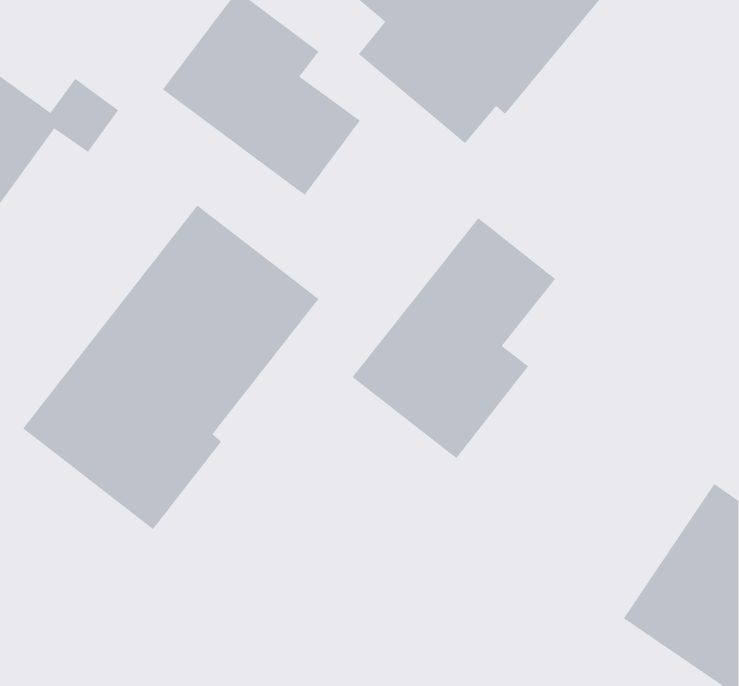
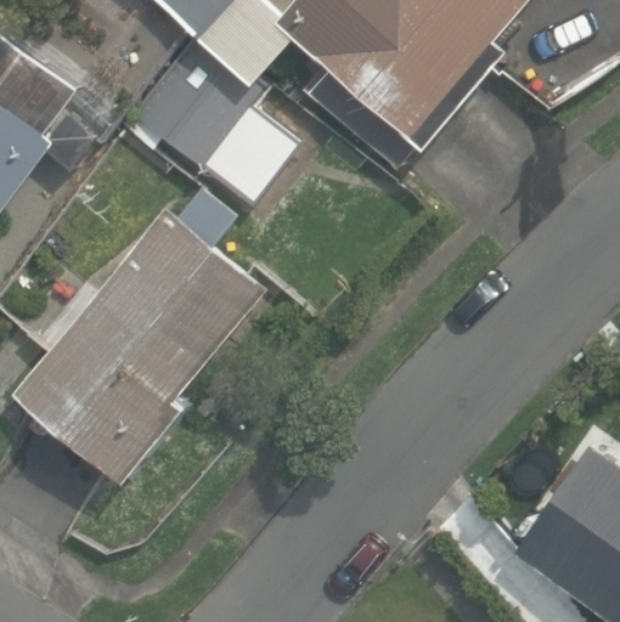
building: [352,217,556,459] -> none

